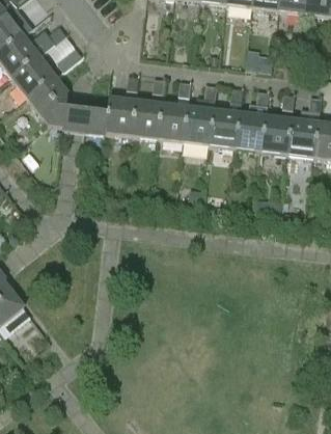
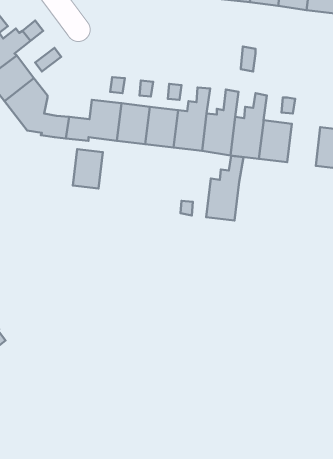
building: [287,98,322,157] -> [206,156,244,221]
building: none -> [73,149,103,189]

